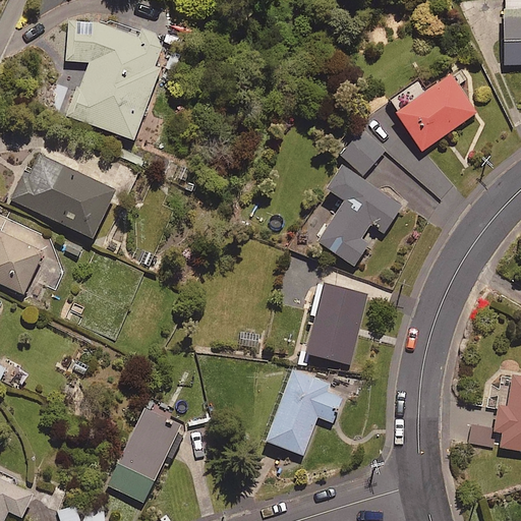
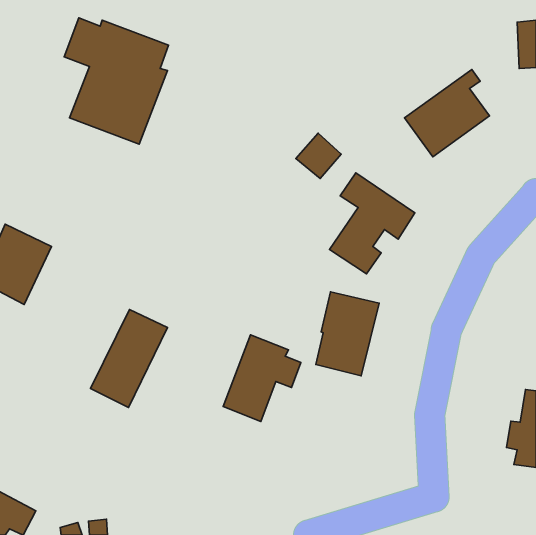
building: [340,130,384,174] -> [296,133,341,178]
building: [9,151,116,238] -> none
building: [266,370,341,454] -> [223,335,301,421]
building: [108,408,182,503] -> [90,310,167,408]

